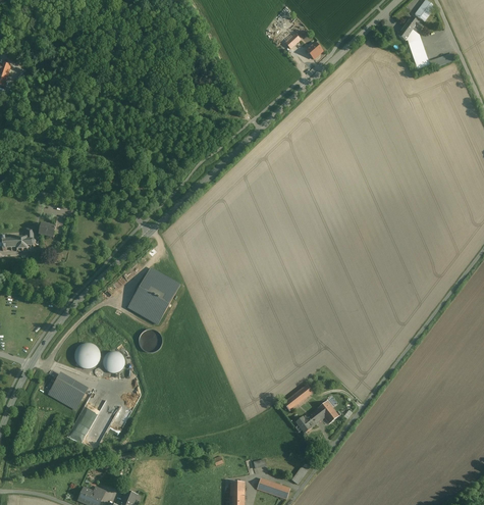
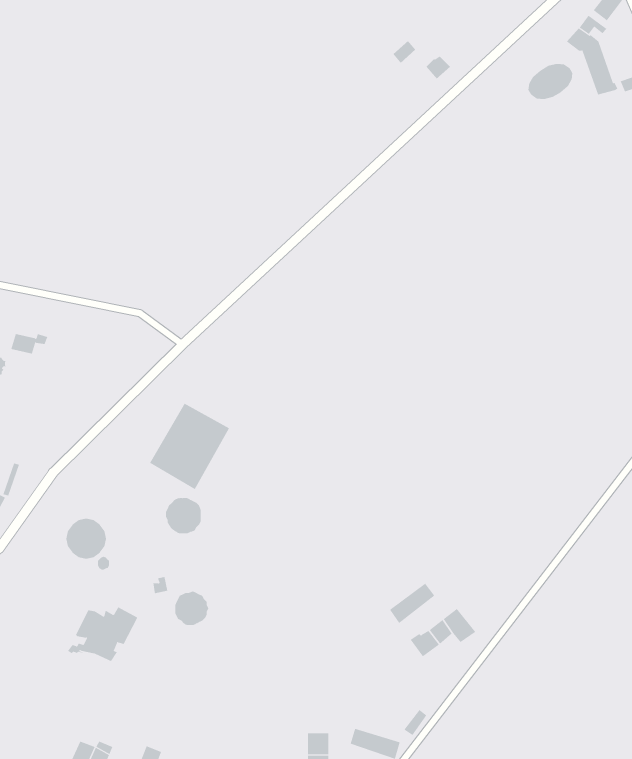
building: none -> [528,63,573,100]
building: [103,350,125,372] -> [174,591,209,626]
building: [49,374,87,408] -> none

